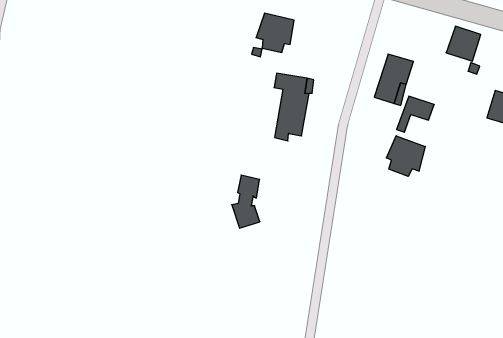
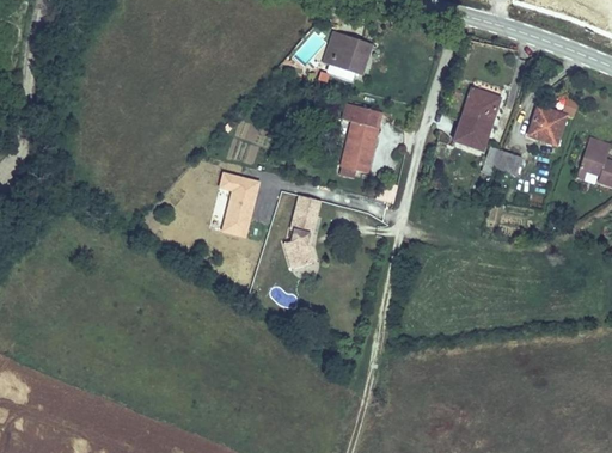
building: [446,26,481,61] -> [519,103,558,142]
building: [386,136,425,176] -> none
building: none -> [225,171,264,235]

